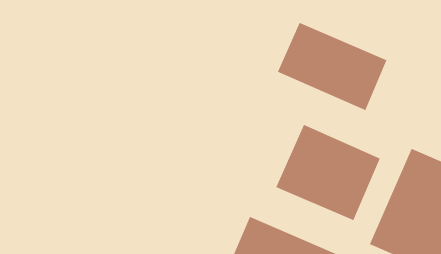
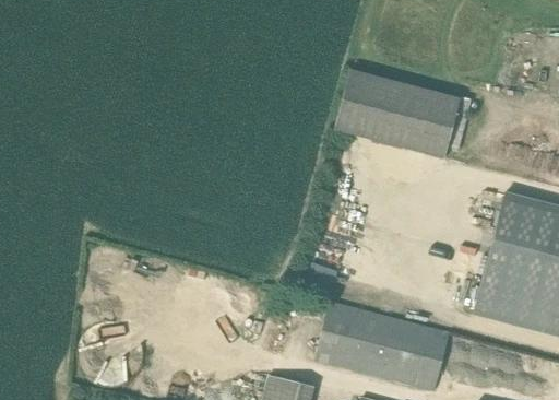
building: [275,124,381,221] -> none

